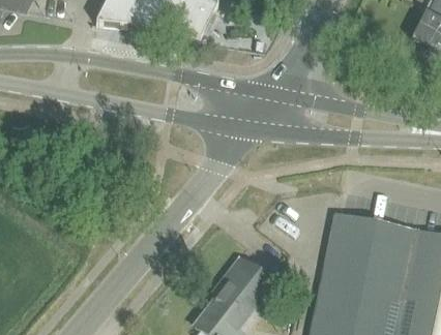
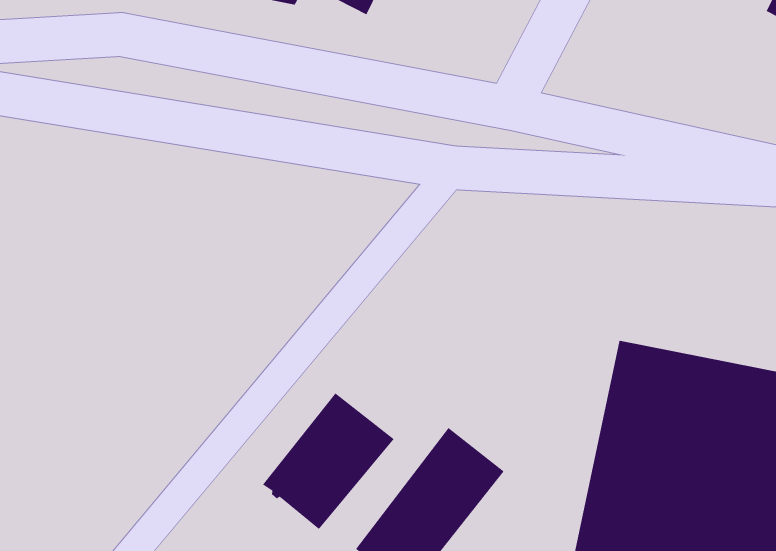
building: none -> [262,392,394,530]

